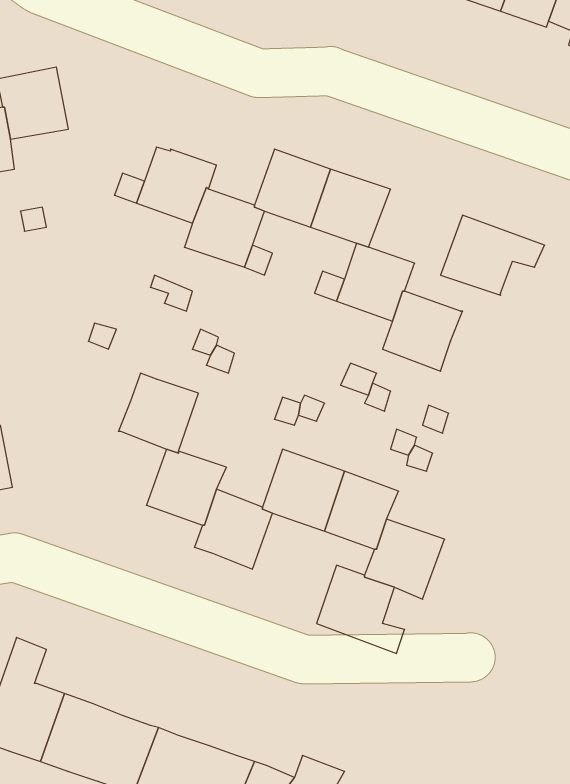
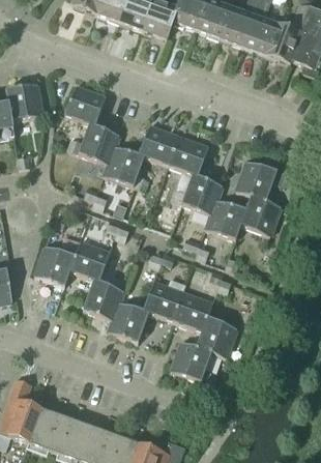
building: none -> [64,85,106,126]
building: none -> [240,196,281,235]
building: none -> [34,245,75,286]

